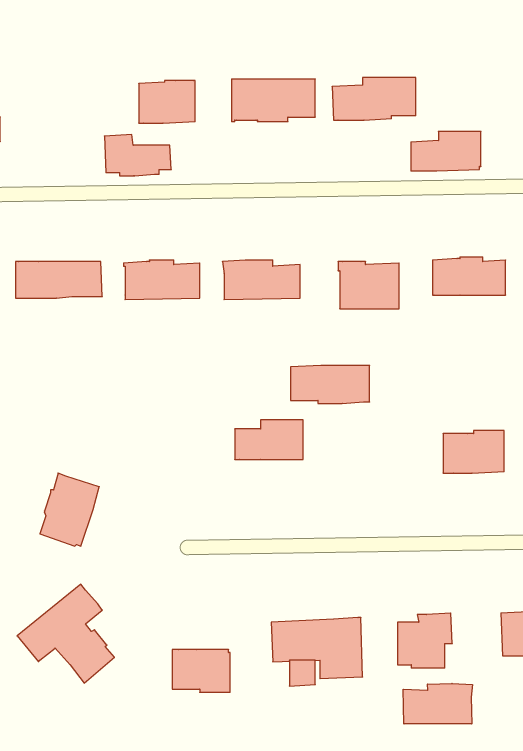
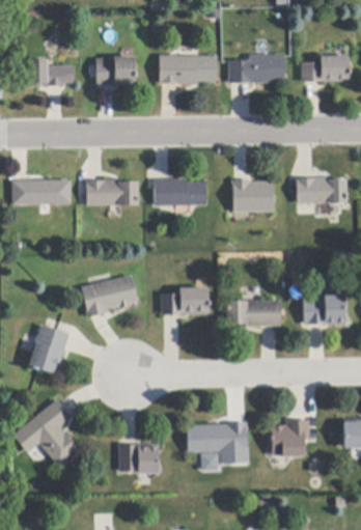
building: [411,131,481,171] -> [302,55,350,82]
building: [104,135,171,176] -> [28,58,74,86]
building: [291,365,370,403] -> [227,300,281,326]
building: none -> [82,275,139,316]
building: [403,683,472,724] -> none

